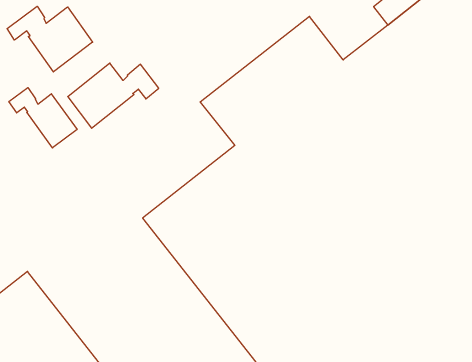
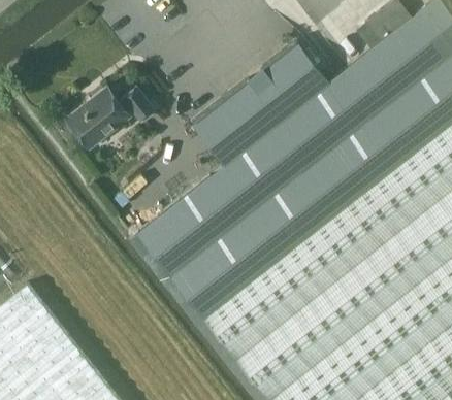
building: [7,6,93,72] -> none
building: [9,88,77,148] -> none

